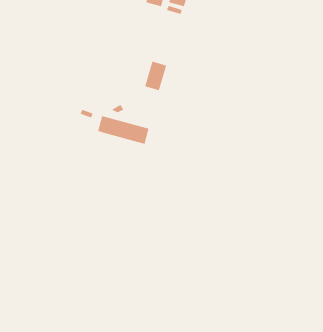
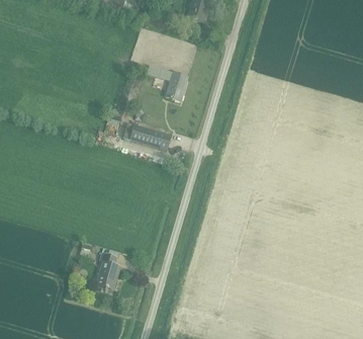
building: none -> [91,250,120,289]

